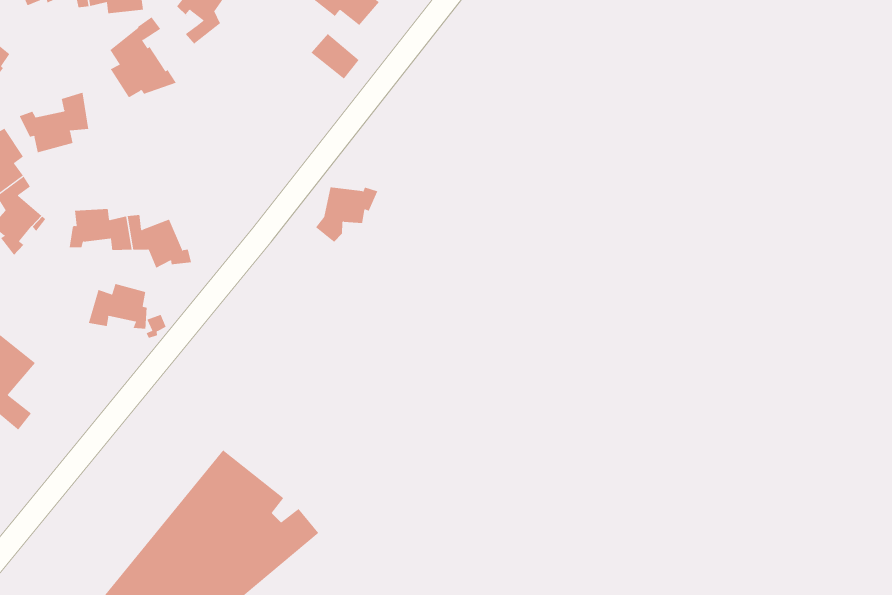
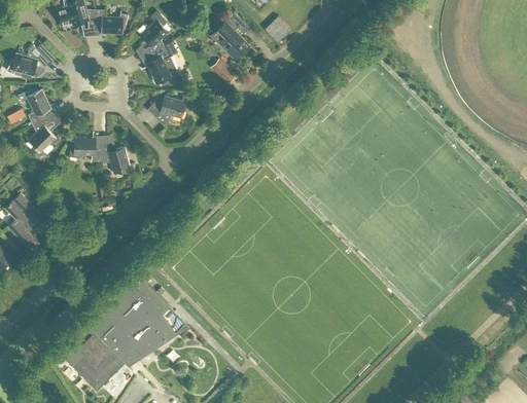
building: [110,16,177,98] -> [147,41,182,83]
building: [19,92,89,153] -> none
building: [315,187,378,242] -> [155,97,191,126]
building: [88,283,147,329] -> none

